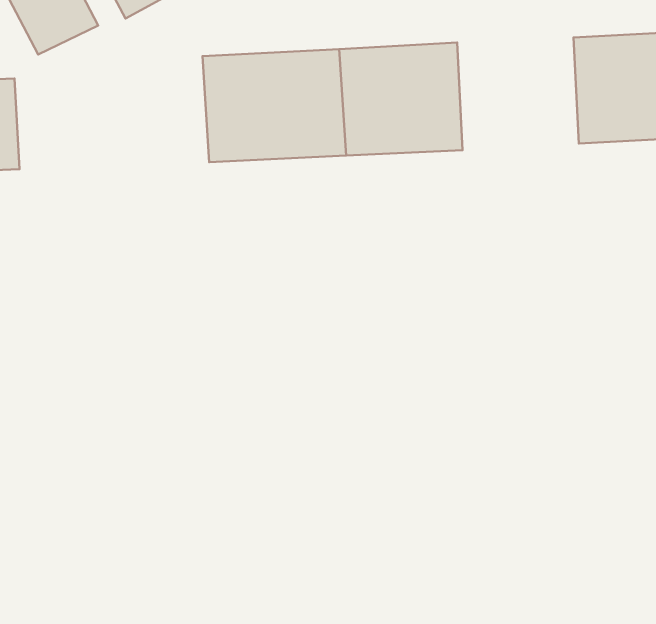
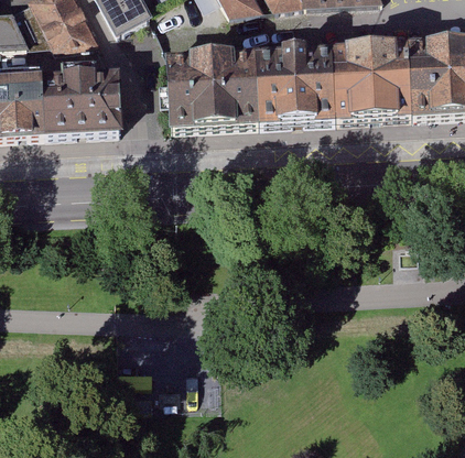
building: none -> [328,45,407,118]
building: none -> [43,68,121,130]

